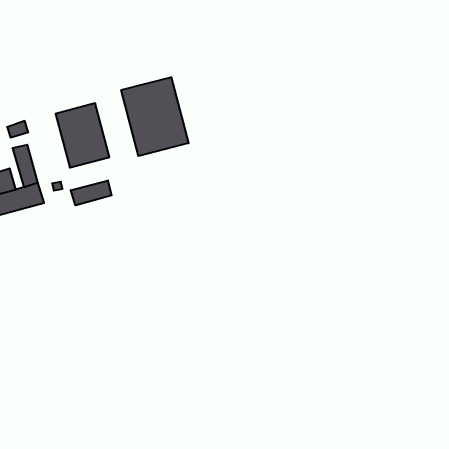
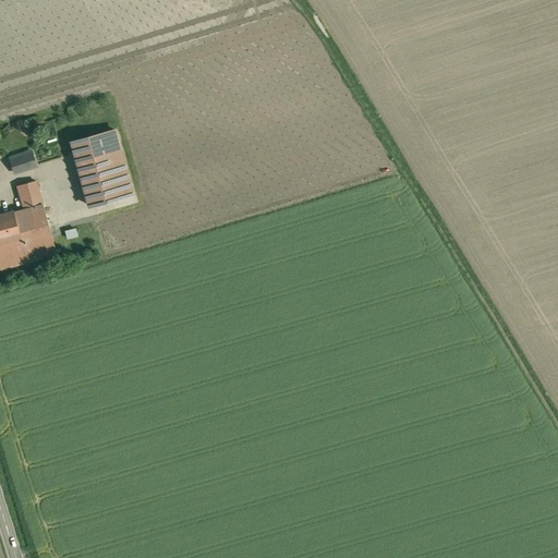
building: [121,77,189,156] -> none
building: [71,180,112,205] -> none

